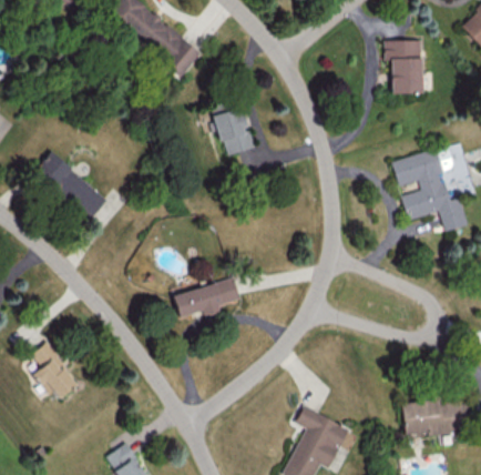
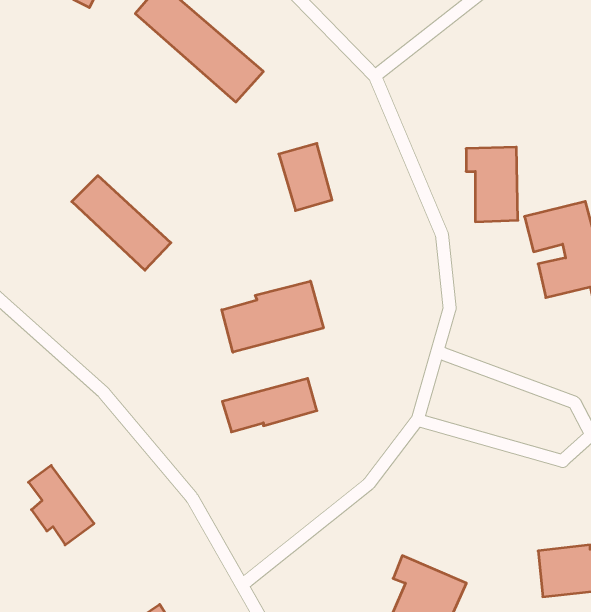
building: [385,40,422,94] -> [466,147,518,222]
building: [35,152,108,221] -> [72,176,171,270]
building: none -> [222,281,323,352]

